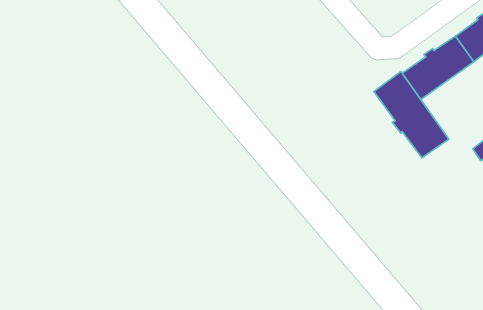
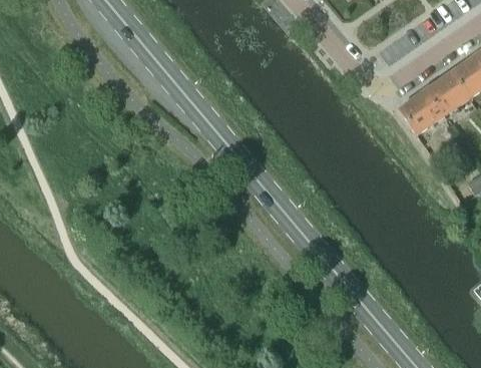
building: [374,72,449,158] -> none

